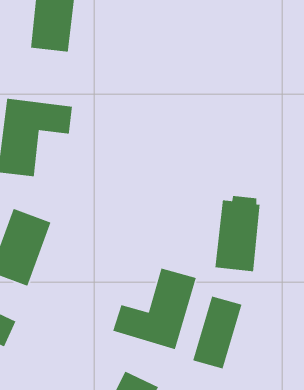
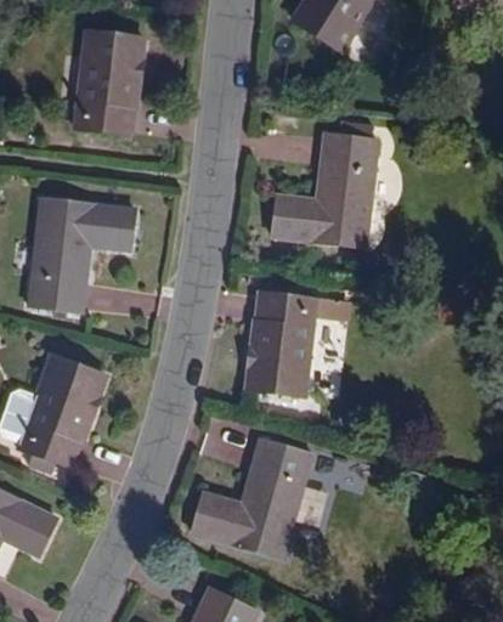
building: none -> [272,134,378,248]
building: [214,195,261,272] -> [249,287,315,396]
building: [192,295,242,369] -> none

